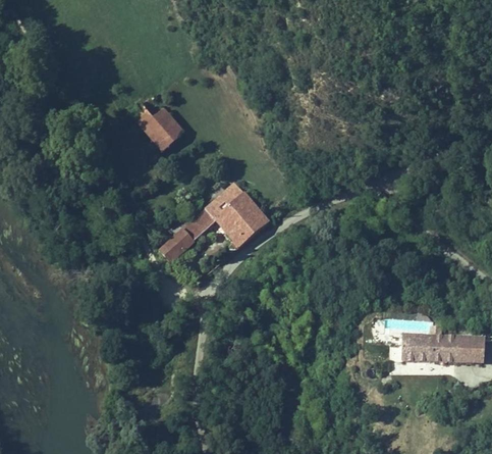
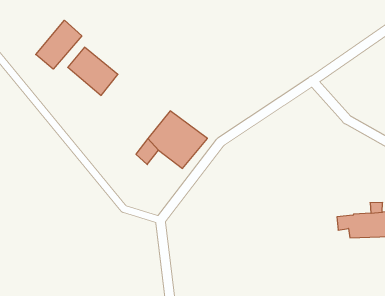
building: none -> [36,20,82,69]
building: [163,224,199,257] -> none

